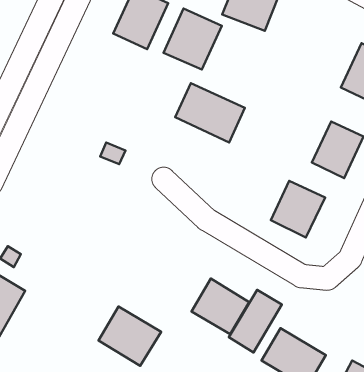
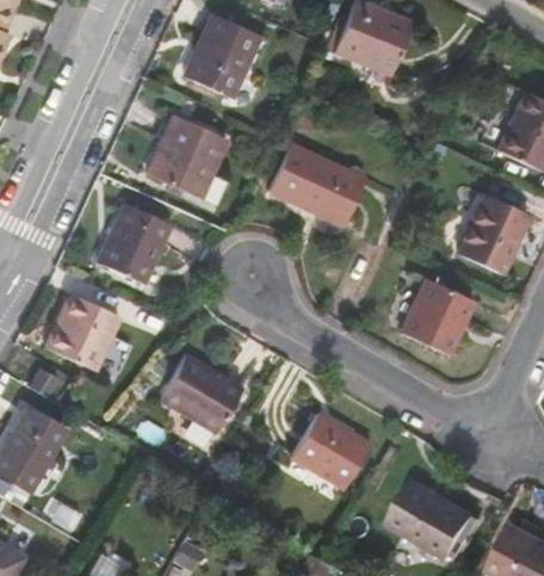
building: [164,8,222,69] -> [148,114,228,198]
building: none -> [99,205,169,281]
building: none -> [45,292,119,370]
building: [229,290,282,353] -> none
building: [98,307,161,366] -> [159,353,245,434]

